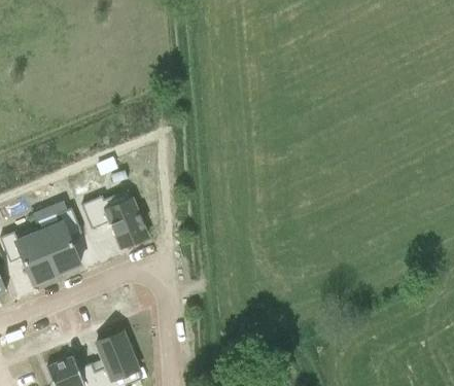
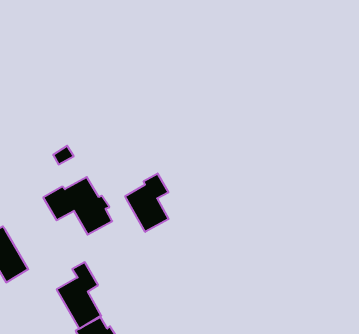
building: none -> [125,173,169,232]
building: [38,209,80,275] -> [57,262,101,329]

